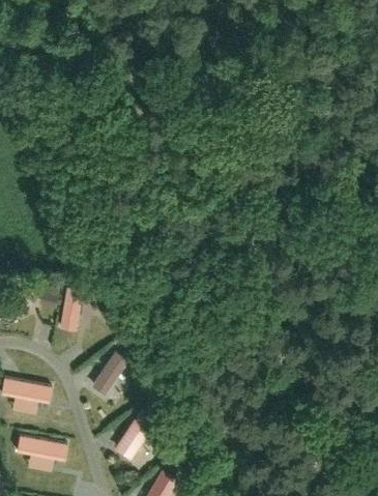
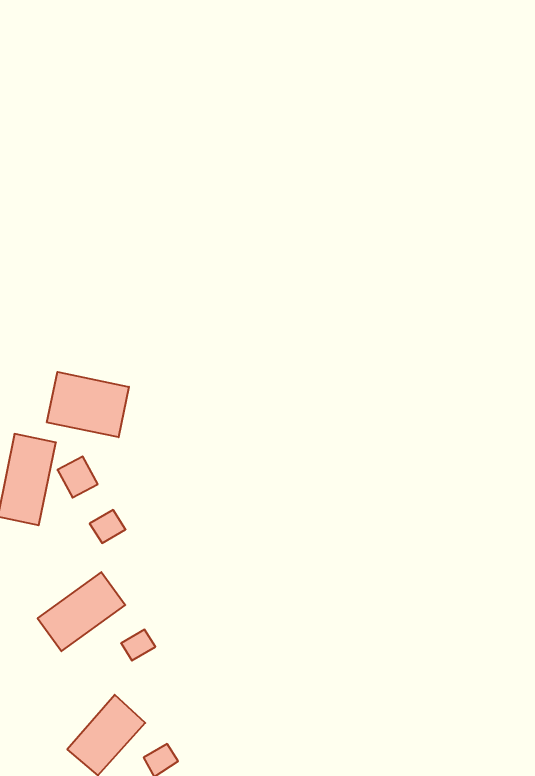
building: none -> [47,372,129,437]

